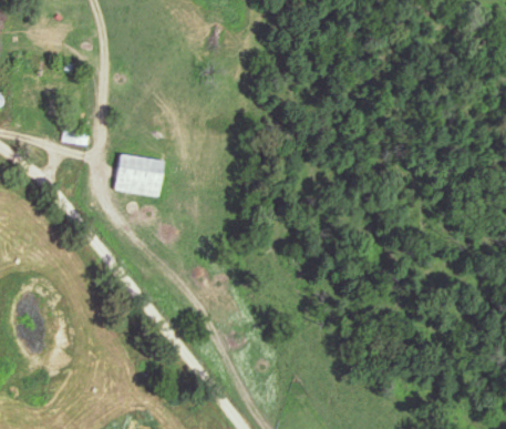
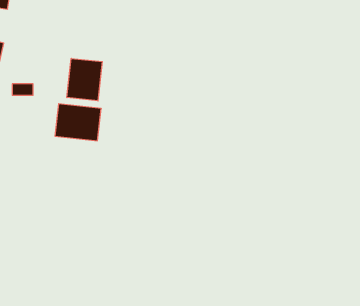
building: none -> [67,58,102,101]

